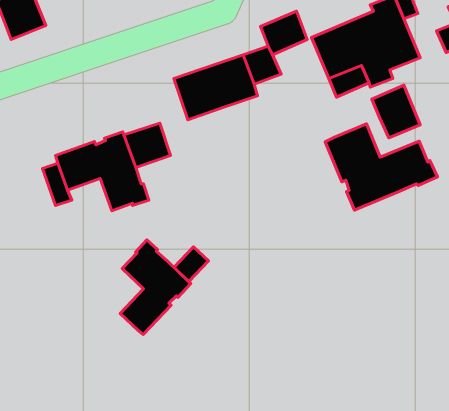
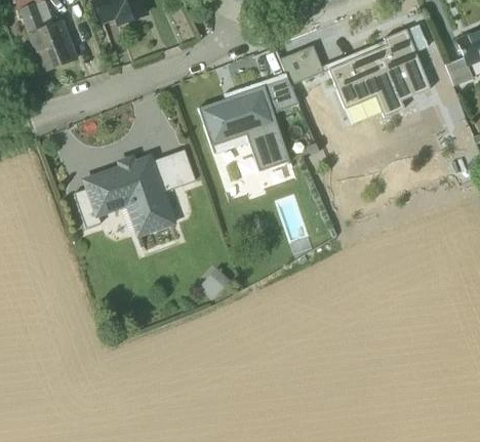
building: [372,85,420,138] -> none
building: none -> [246,124,290,171]
building: [325,124,437,210] -> none
building: [120,240,191,334] -> none

